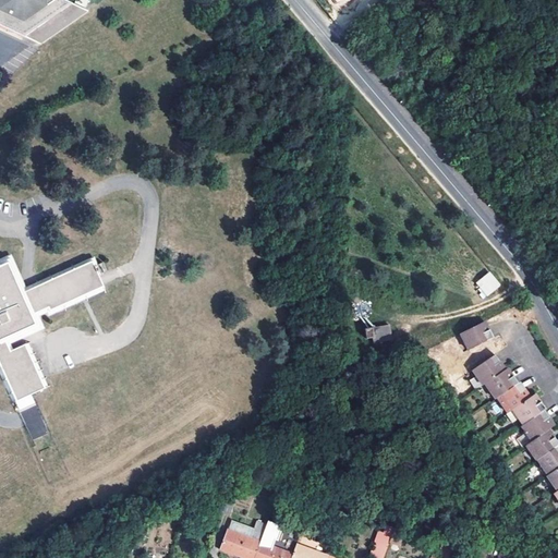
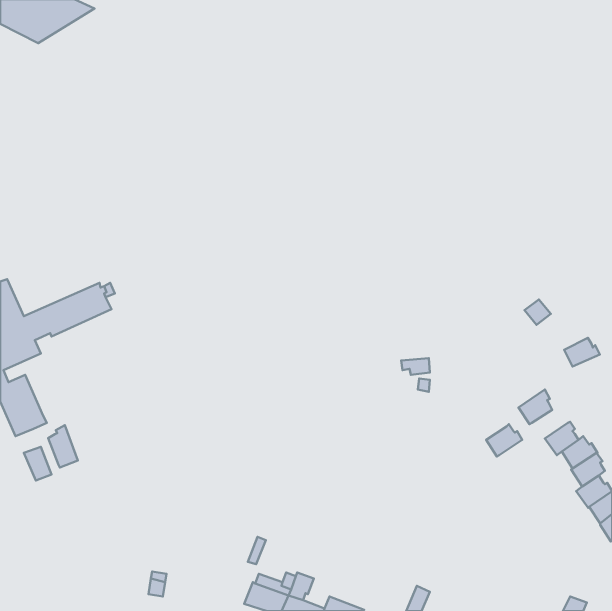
building: [460,324,493,350] -> [564,338,600,367]
building: [484,371,517,400] -> [486,424,522,456]
building: none -> [48,425,78,468]

